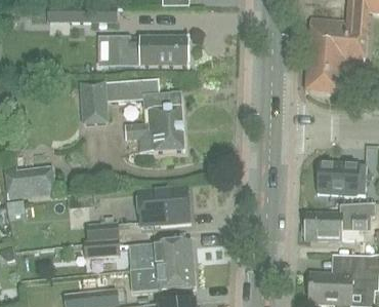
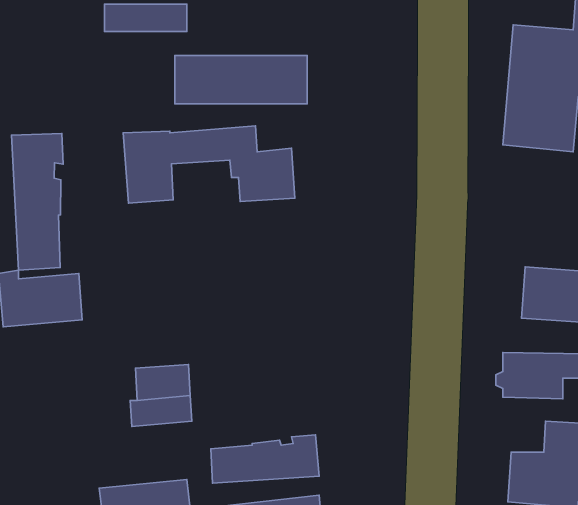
building: none -> [12,134,63,270]
building: [125,120,183,152] -> none
building: [138,186,190,223] -> none
building: [129,239,194,270] -> none

